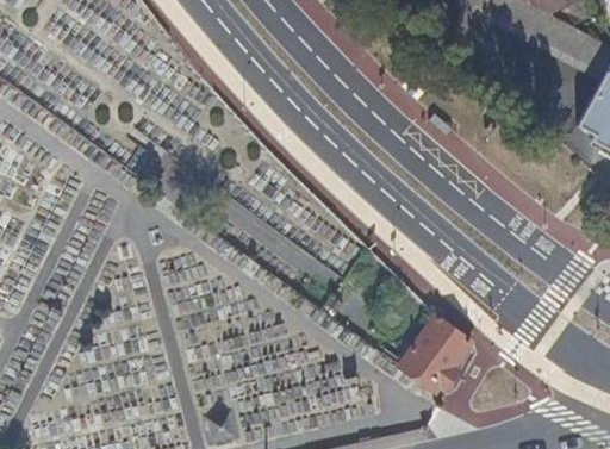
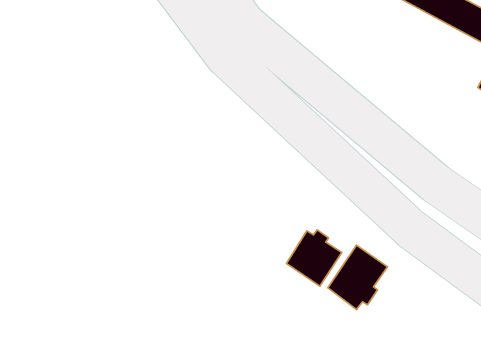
building: none -> [286,230,342,286]

